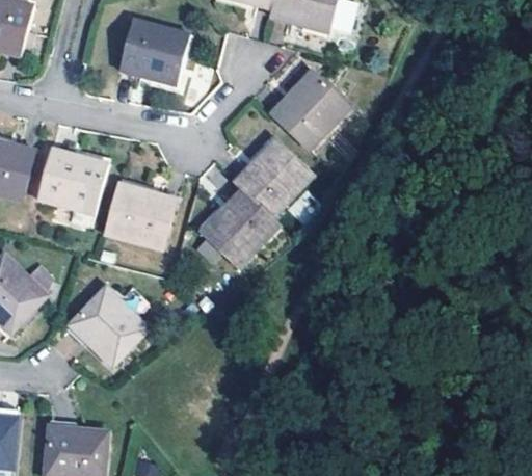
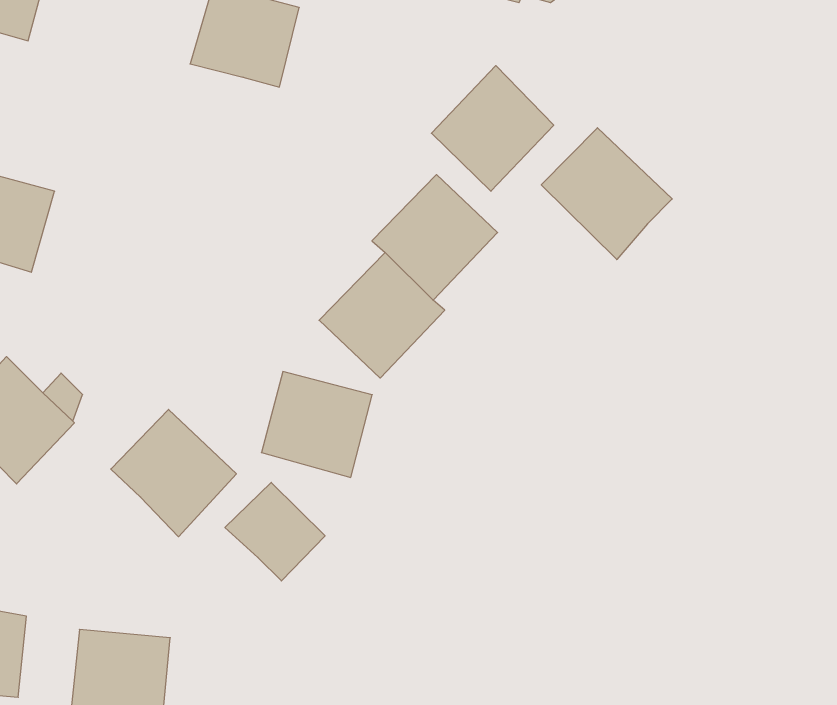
building: none -> [541,128,672,260]
building: [37,147,108,213] -> none
building: [106,182,176,248] -> [261,372,372,477]
building: none -> [225,482,325,581]

